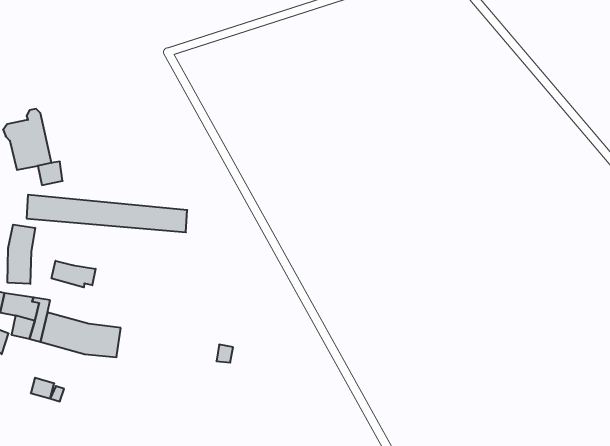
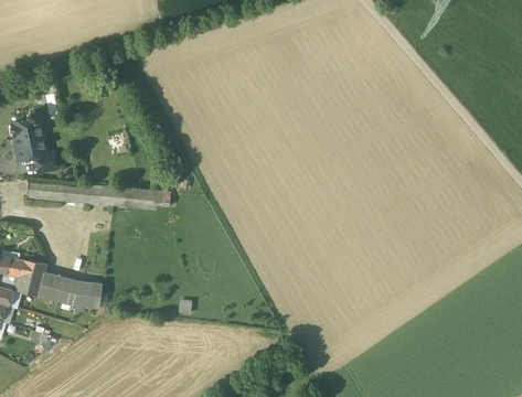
building: [8,225,35,284] -> none
building: [52,261,96,287] -> none

